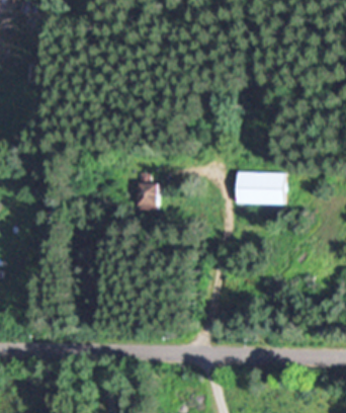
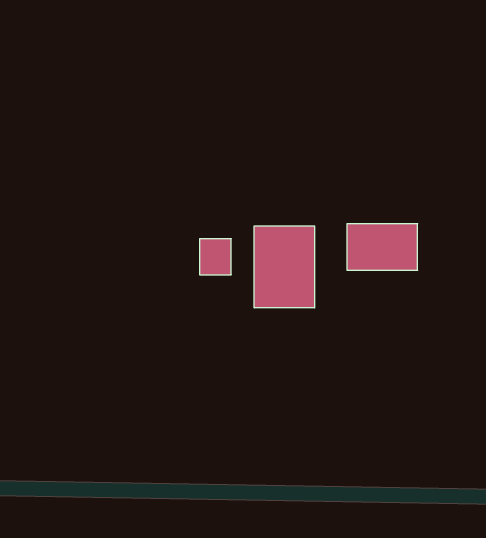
building: none -> [254,226,315,308]

